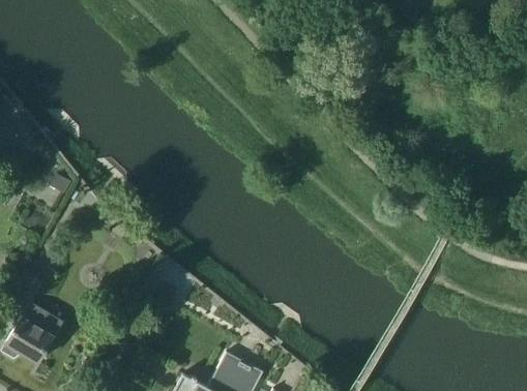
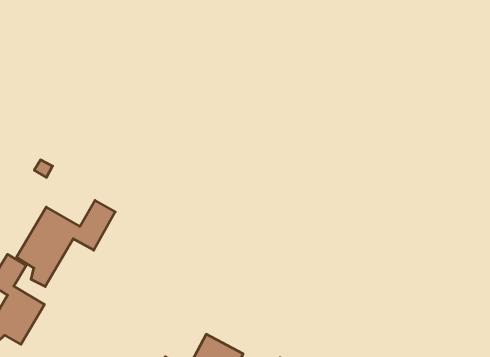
building: none -> [17,200,115,287]

